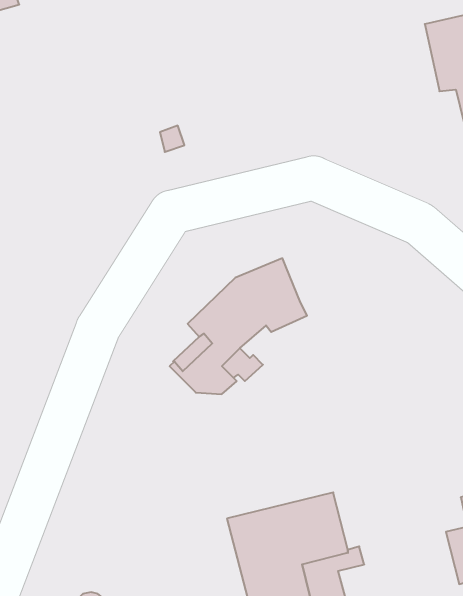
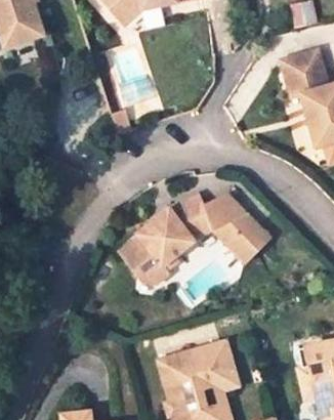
building: none -> [197,194,264,262]

